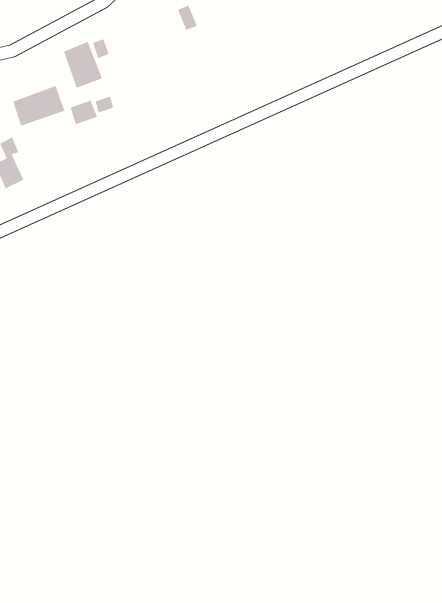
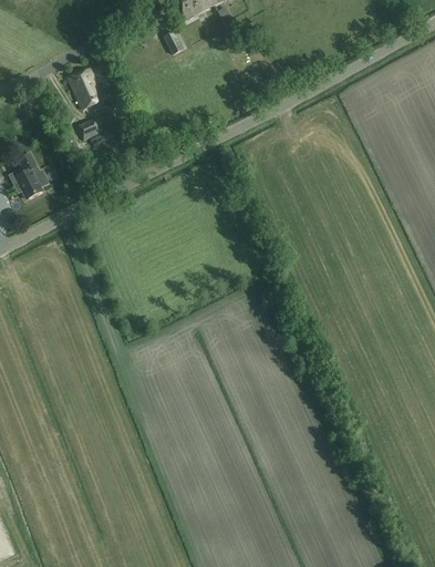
building: [12,85,65,126] -> none

